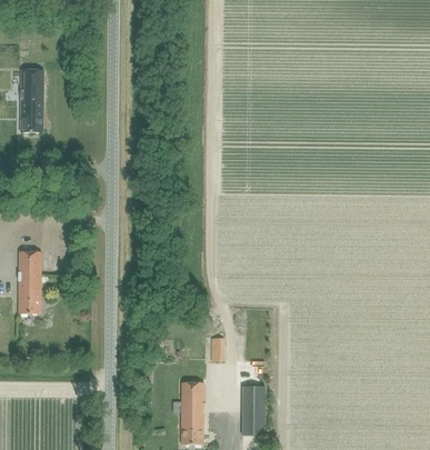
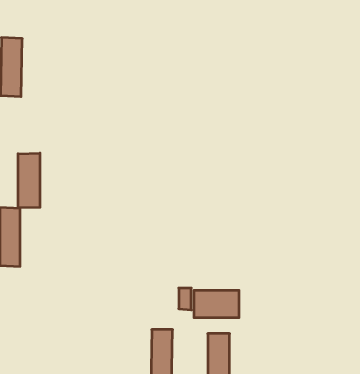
building: none -> [18,153,40,208]
building: none -> [194,290,239,318]

